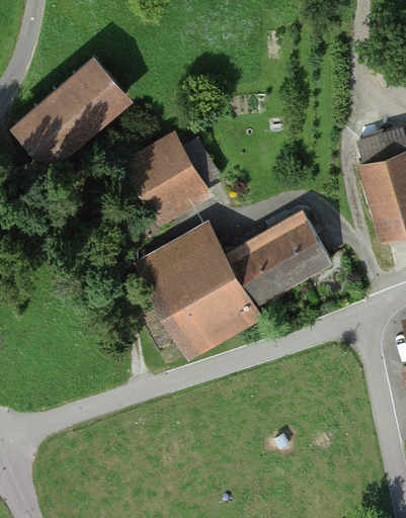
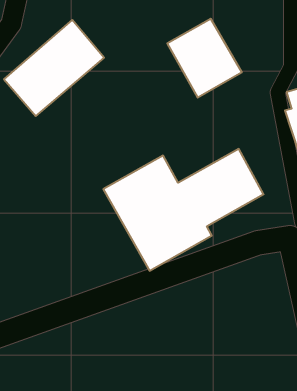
building: [123,130,215,227] -> [167,19,242,98]

